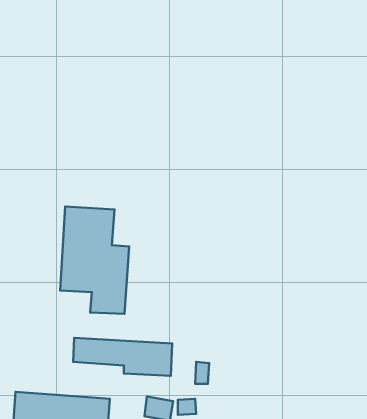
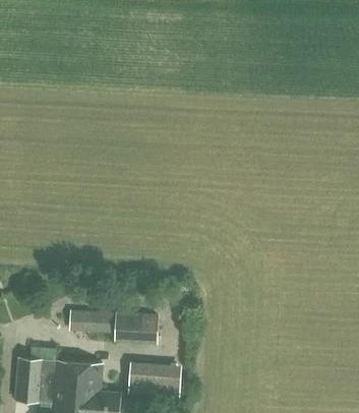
building: [60,207,129,314] -> none

